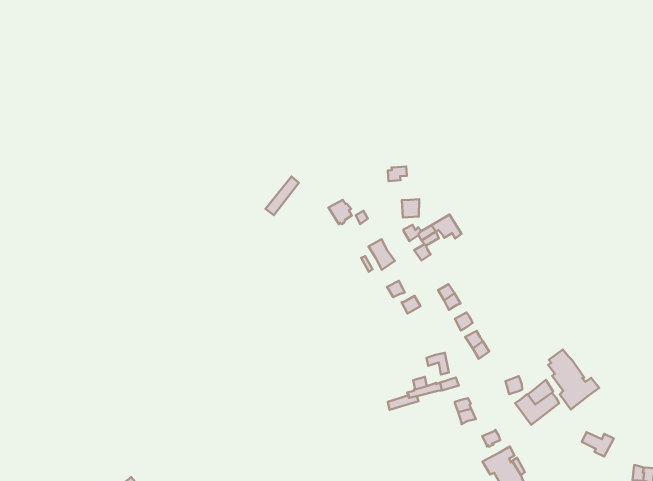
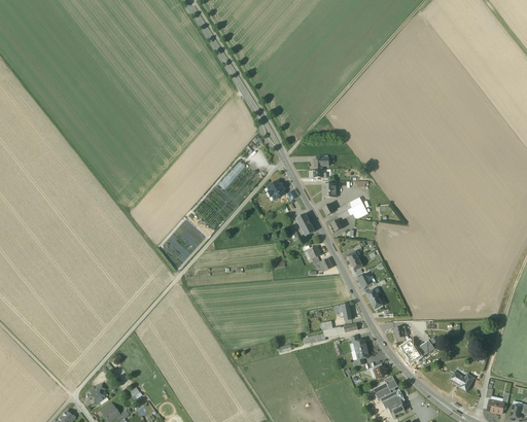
building: [548,350,599,409] -> none

